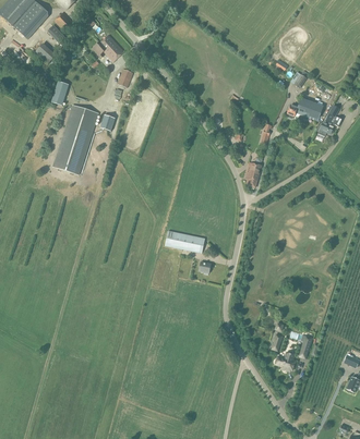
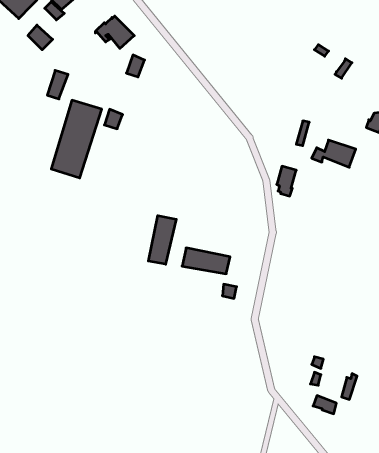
building: [286,97,323,120] -> [312,140,356,167]
building: none -> [148,216,176,264]

